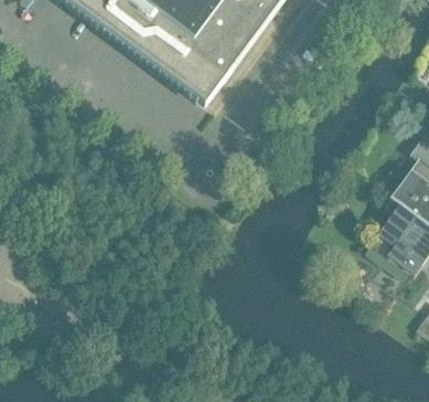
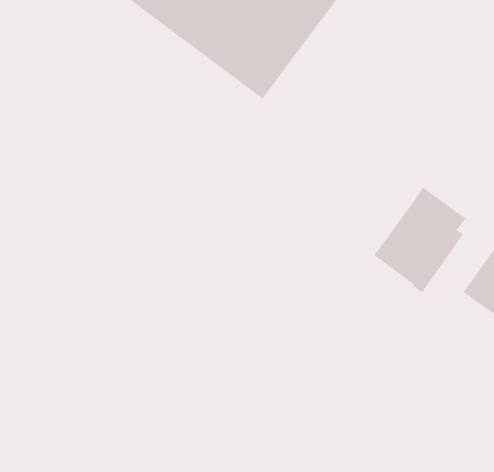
building: none -> [374,187,466,293]

